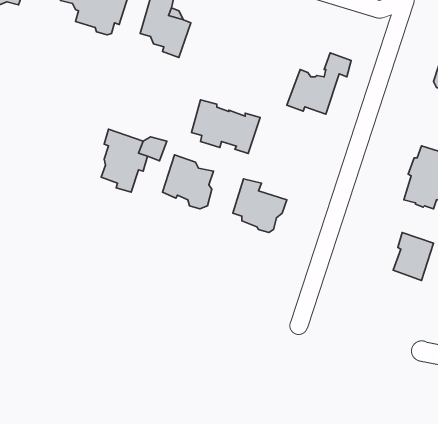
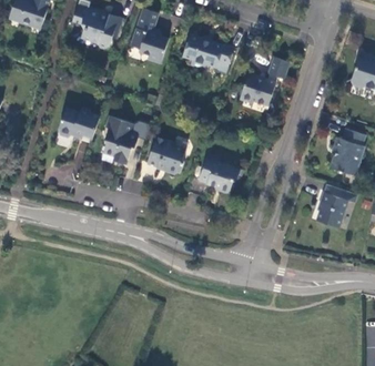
building: [191,100,260,154] -> [183,33,234,73]
building: none -> [58,108,99,139]

